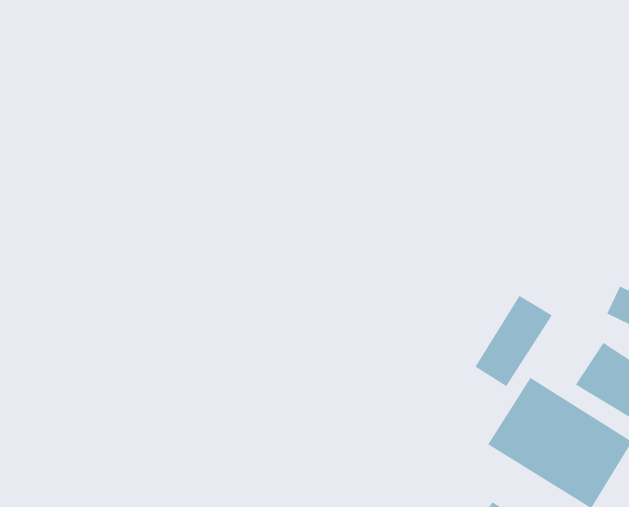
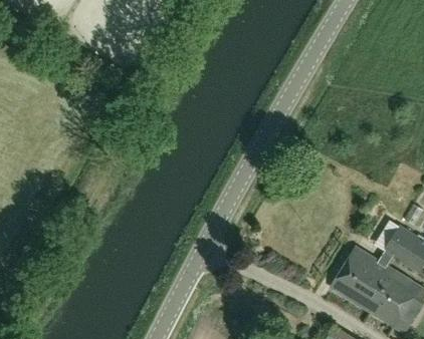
building: [475,295,553,387] -> none

